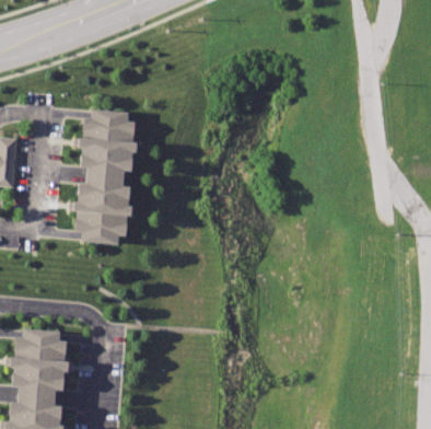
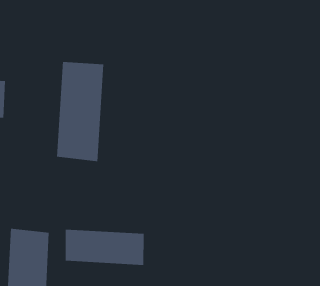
building: none -> [65,229,144,266]

